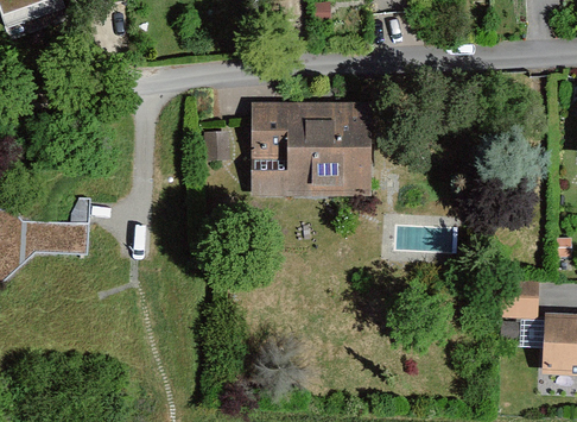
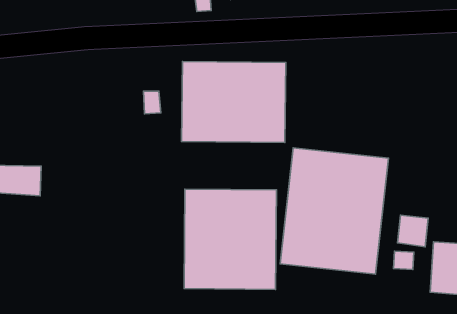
building: none -> [280,148,389,274]
building: none -> [184,189,276,290]

